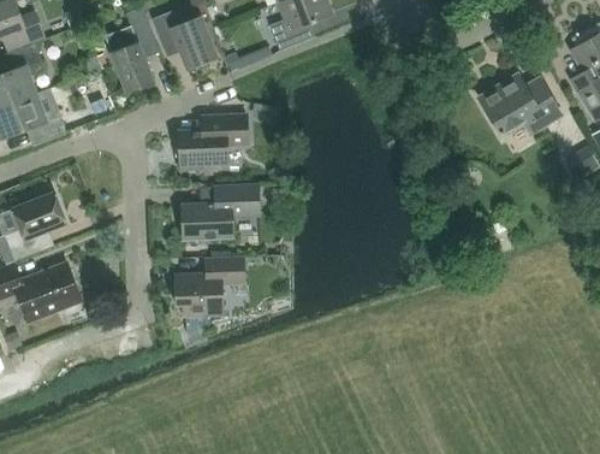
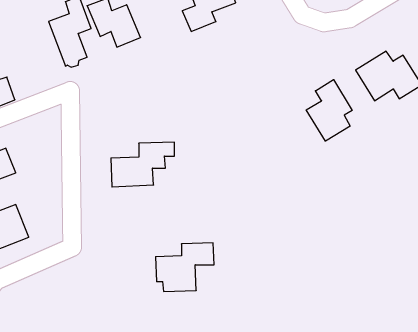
building: none -> [306,80,352,141]
building: [178,116,248,165] -> none
building: [174,258,245,317] -> [156,243,214,291]

